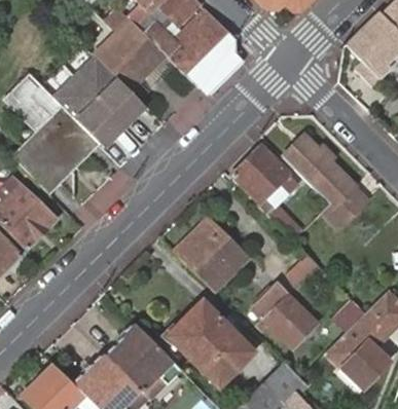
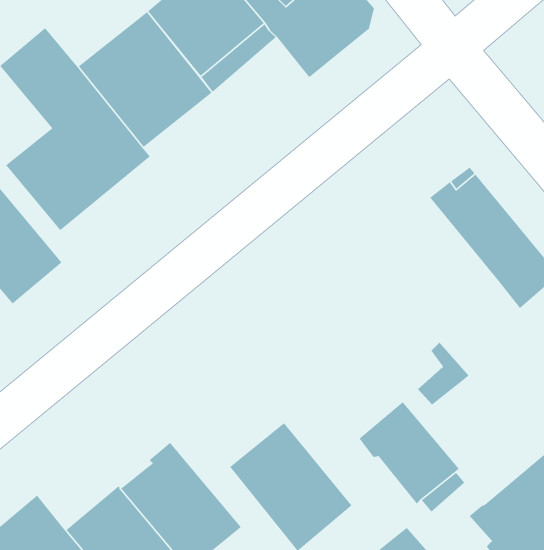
building: [234,147,299,214] -> none
building: [176,217,246,287] -> none

